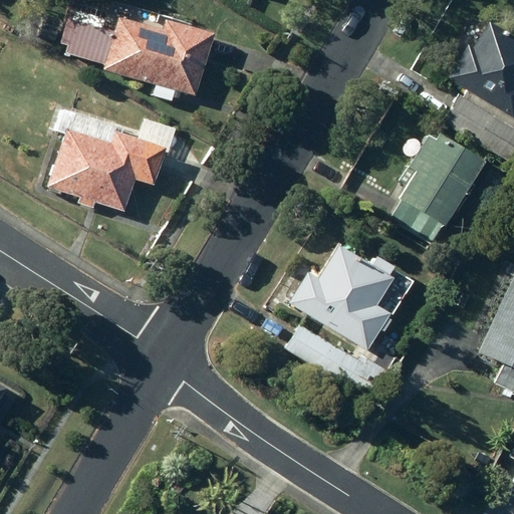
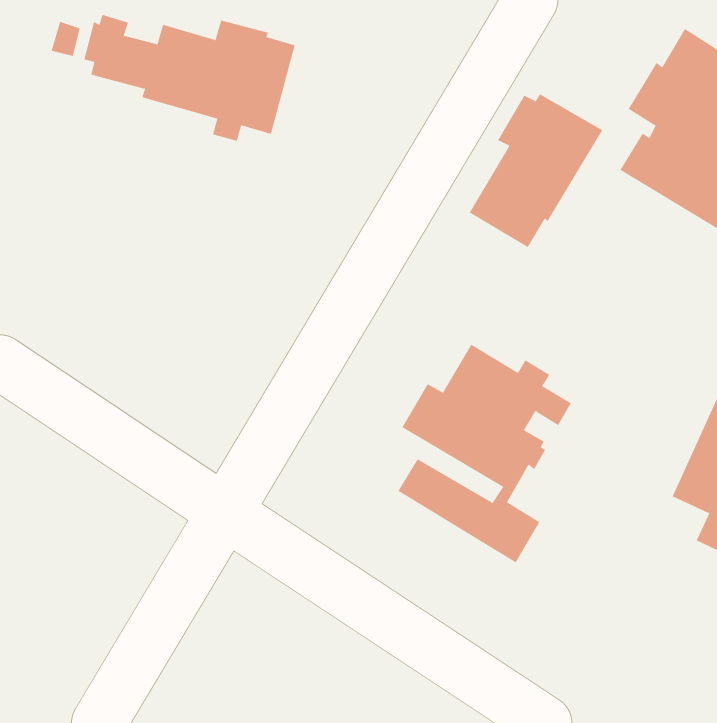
building: [48,128,166,211] -> none
building: [391,135,486,244] -> [469,94,603,248]

